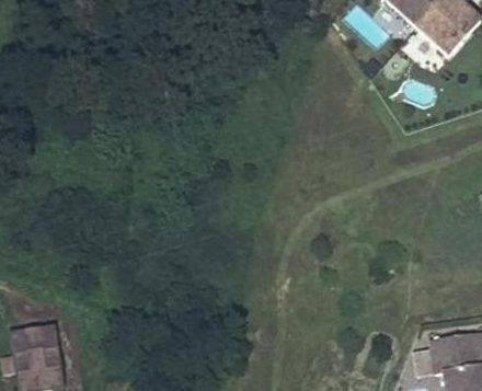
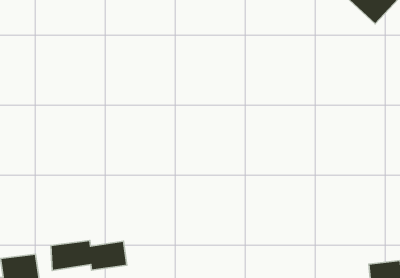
building: none -> [51,240,127,271]

